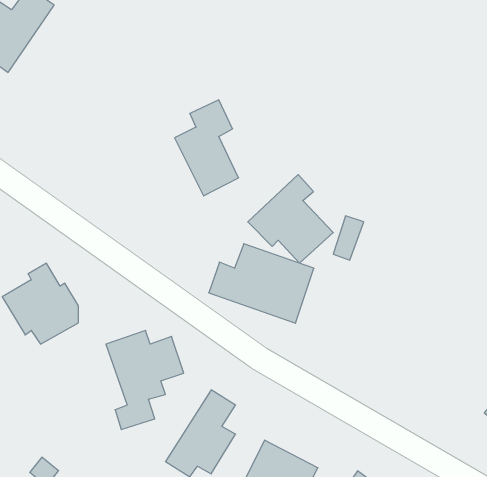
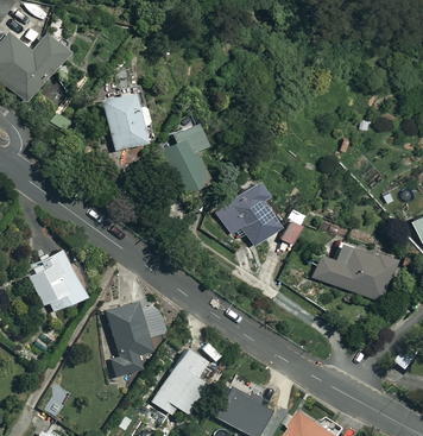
building: none -> [101,91,146,150]
building: [209,244,314,323] -> [312,240,394,302]

